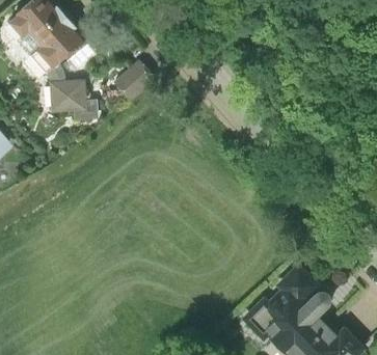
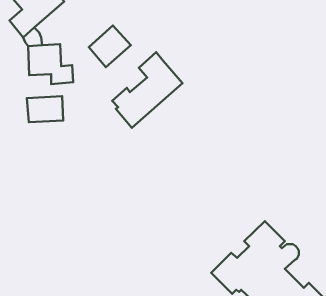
building: none -> [112,52,183,128]
building: none -> [27,96,63,122]

